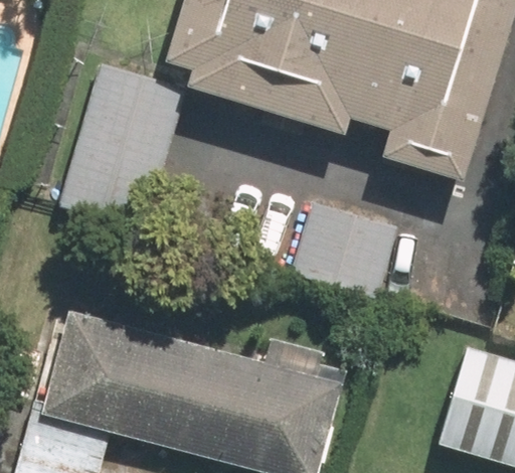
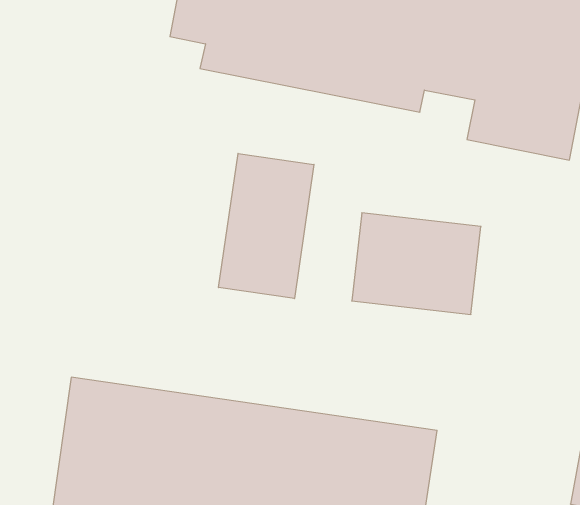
building: [58,67,184,228] -> none
building: none -> [219,153,314,299]

